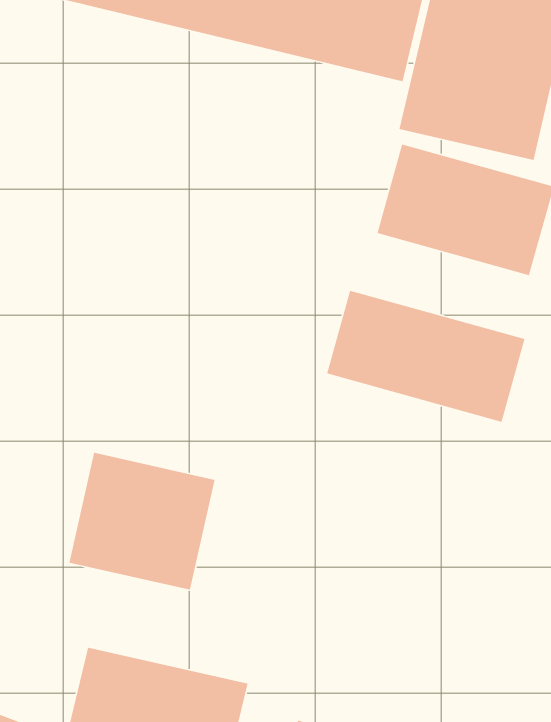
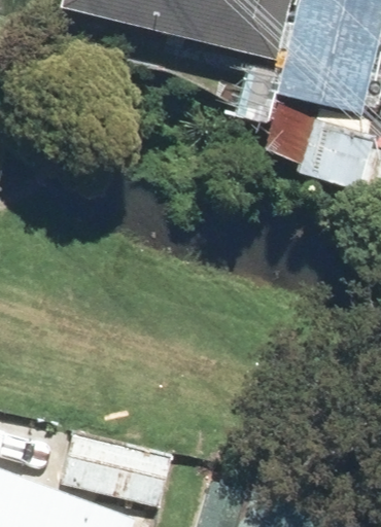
building: [326,290,525,423] -> none
building: [69,452,215,591] -> none

